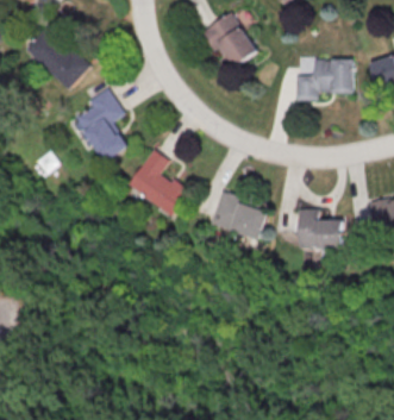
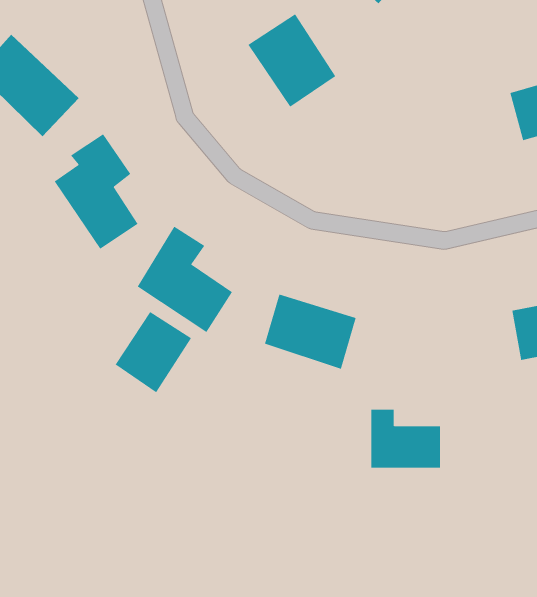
building: [293,58,351,98] -> none
building: none -> [115,311,192,393]
building: [299,209,344,247] -> [371,409,441,468]

